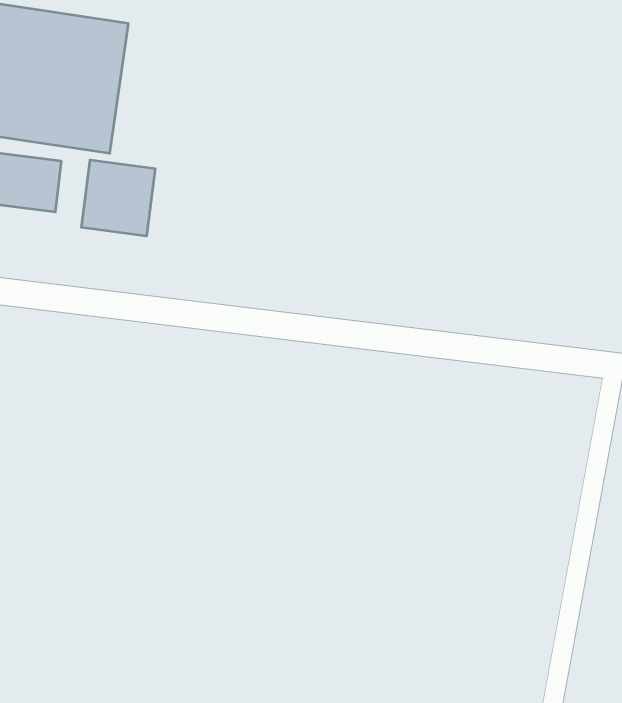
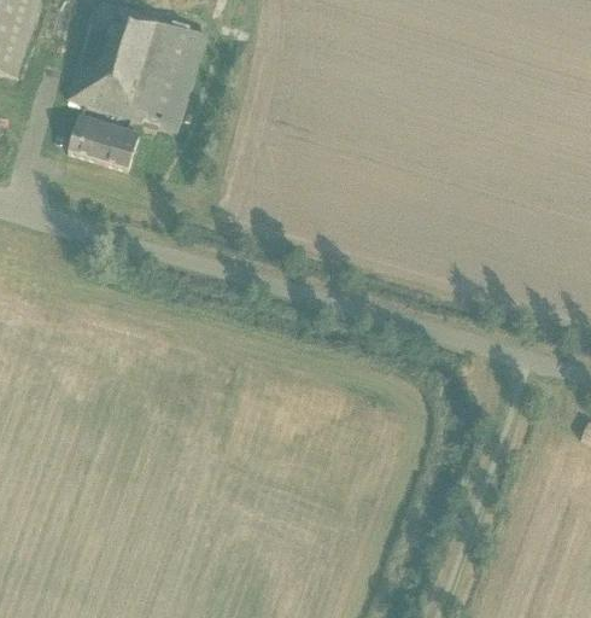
building: [81,160,155,236] -> none

